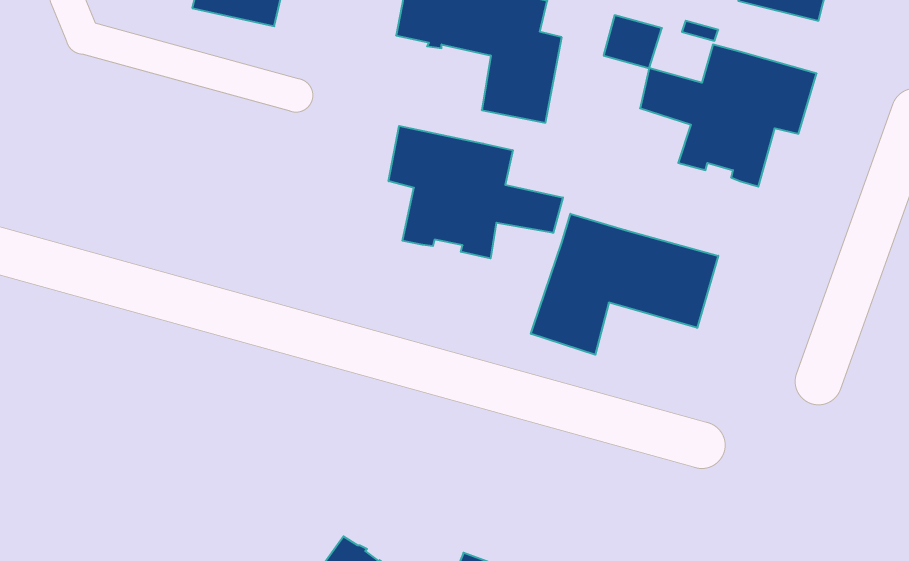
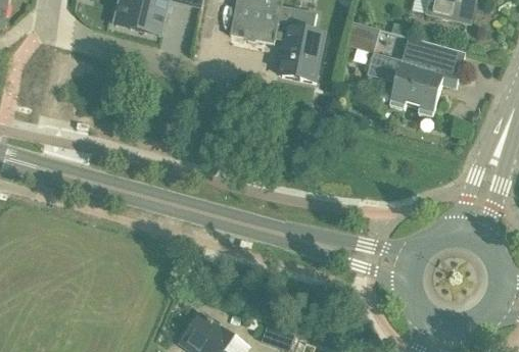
building: [389,126,563,258] -> none
building: [531,214,718,355] -> none

